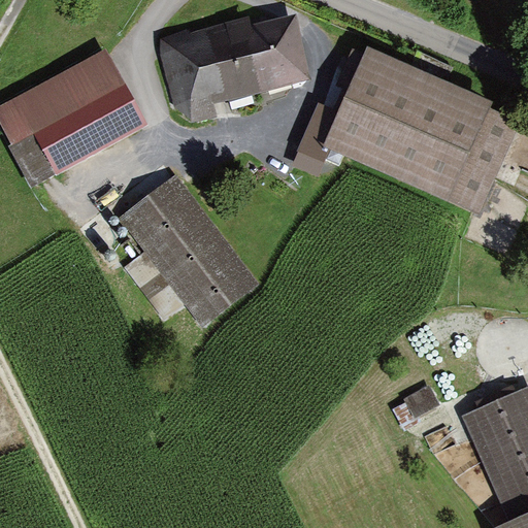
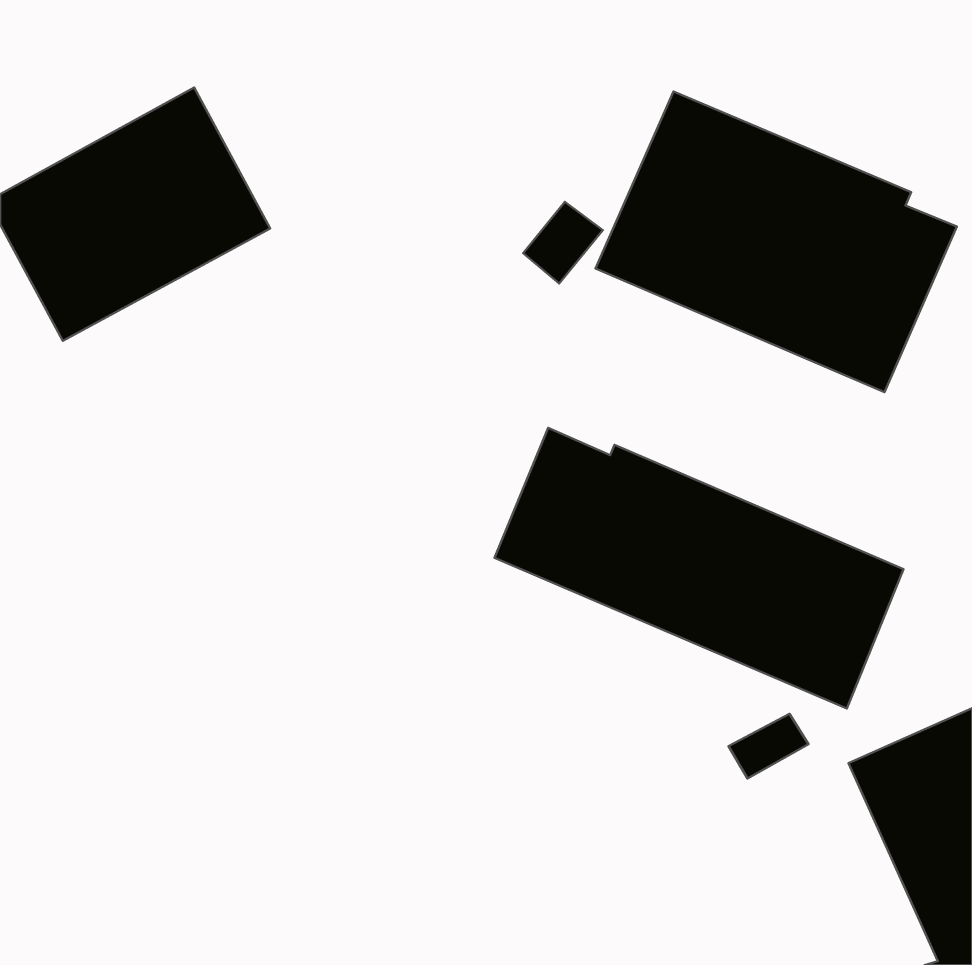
building: [161,15,311,121] -> none
building: [122,174,256,320] -> none
building: none -> [494,428,903,709]

